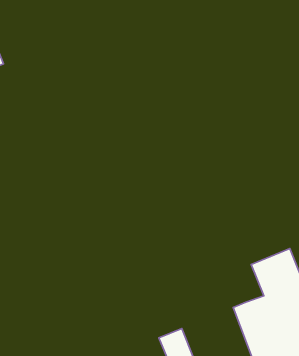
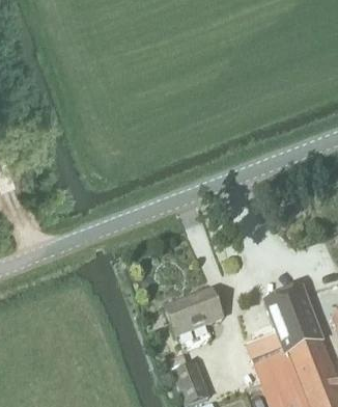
building: none -> [165,288,223,333]

